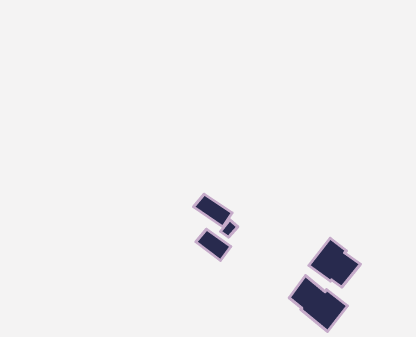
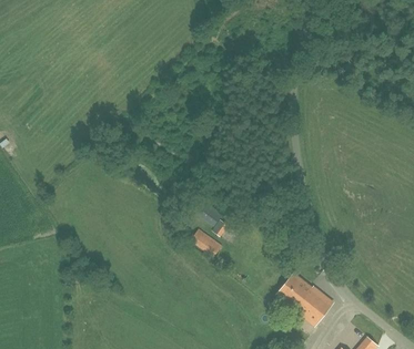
building: [309,238,360,287] -> none

